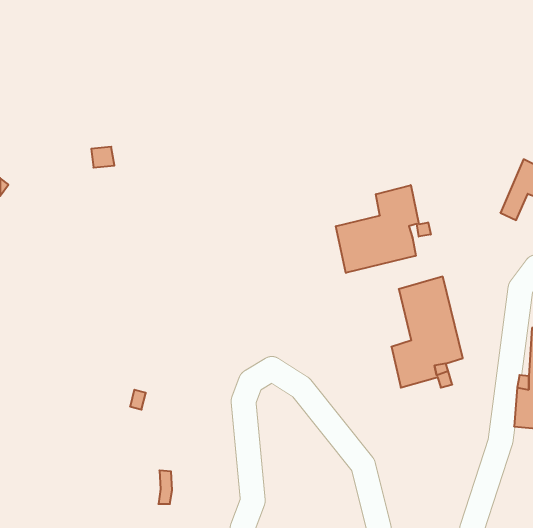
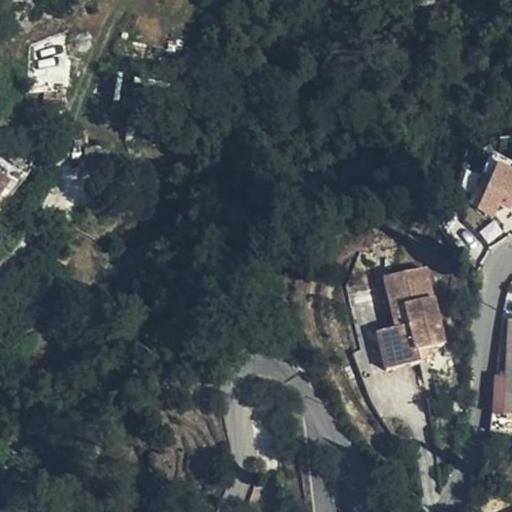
building: [336,185,431,273] -> none

